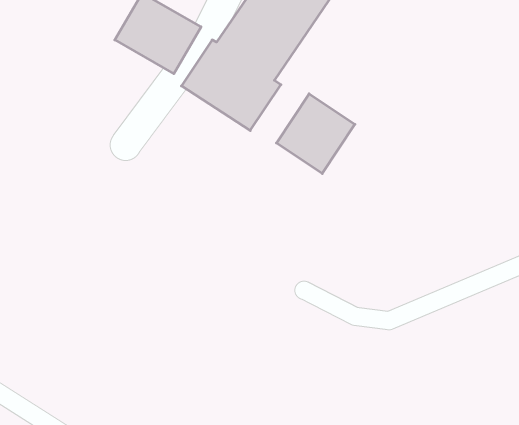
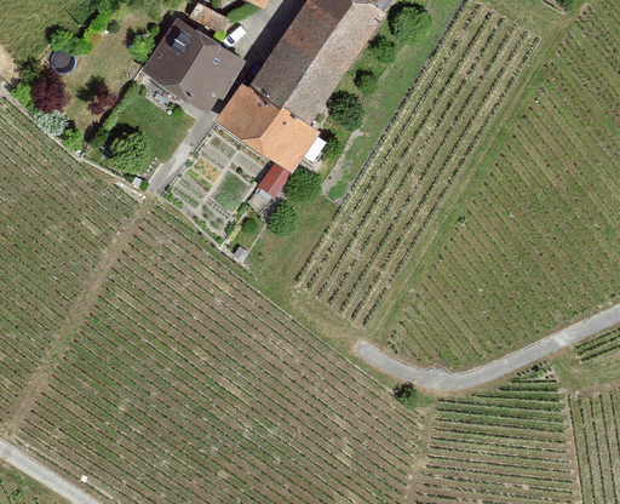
building: [276,94,355,174] -> none

